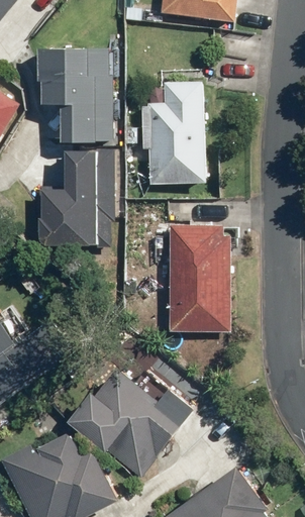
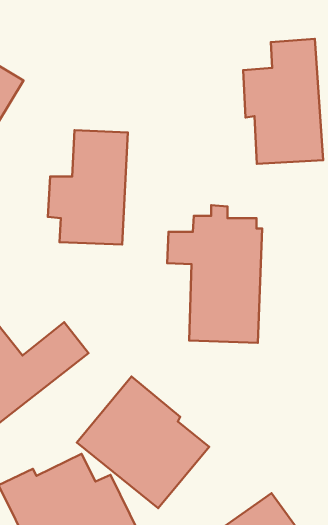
building: [38,45,112,140] -> none
building: [139,79,209,188] -> [243,39,323,164]

